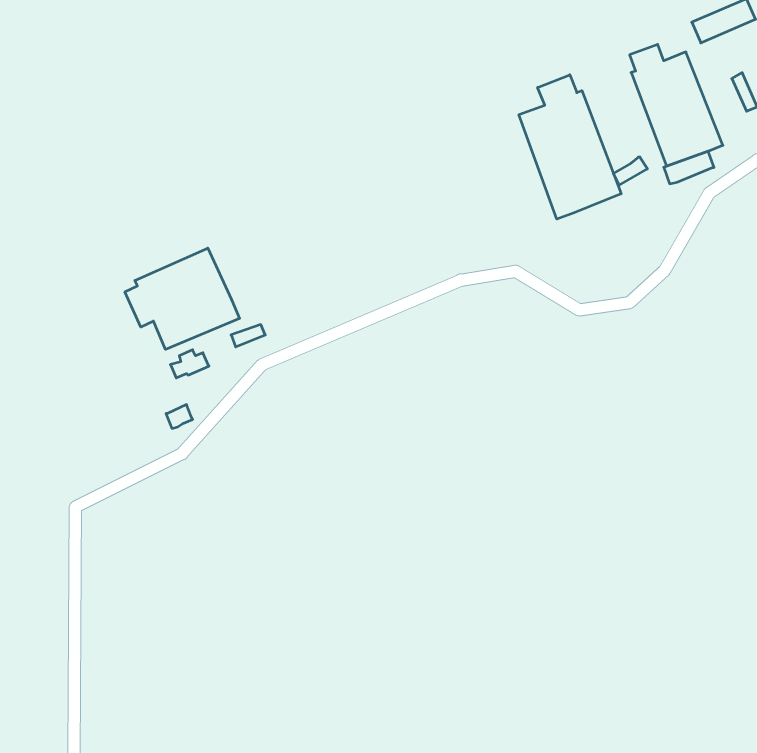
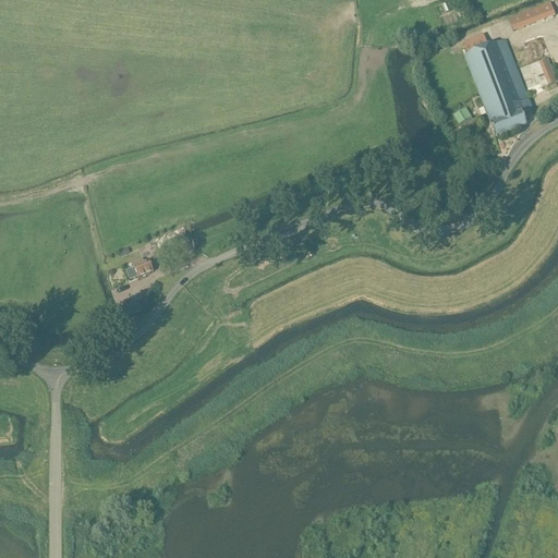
building: [519,75,621,219] -> none
building: [125,248,240,349] -> none

